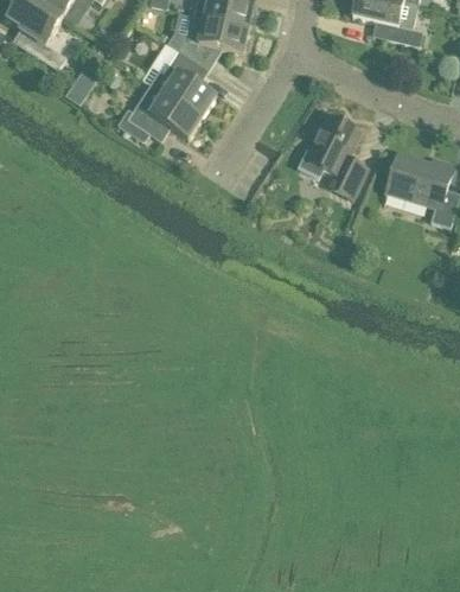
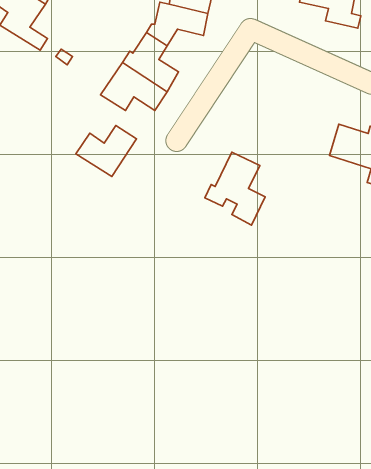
building: [299,114,368,197] -> [205,152,265,225]
building: none -> [76,126,136,176]

